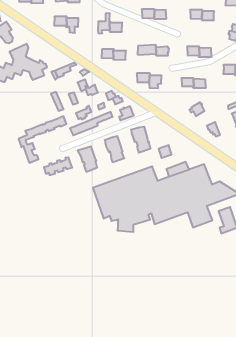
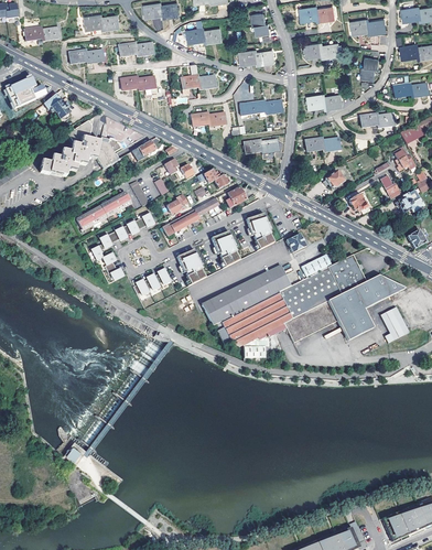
building: none -> [76,192,131,230]

